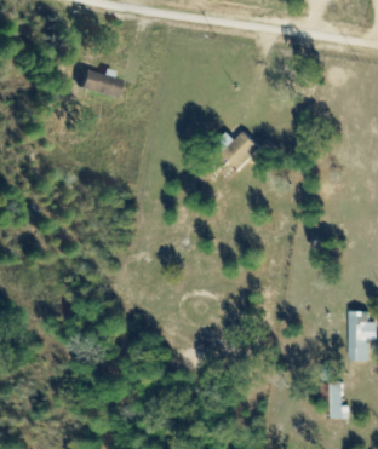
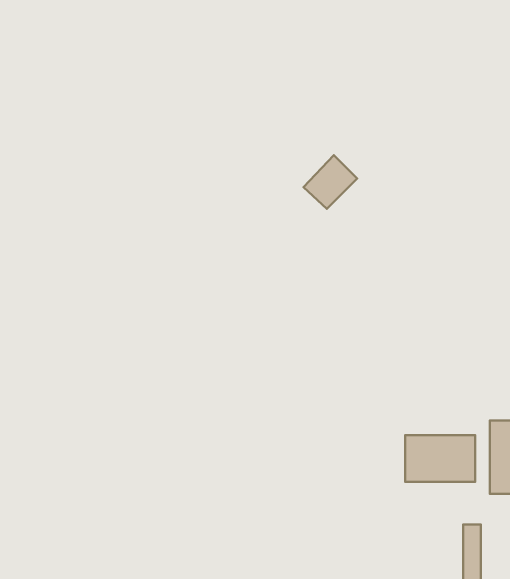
building: [78,71,118,96] -> none
building: none -> [405,435,475,482]

